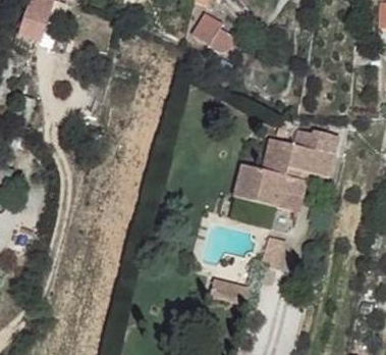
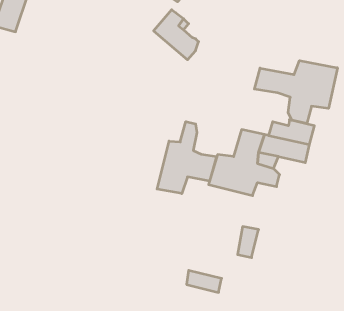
building: none -> [254,61,337,124]
building: none -> [157,122,216,194]

